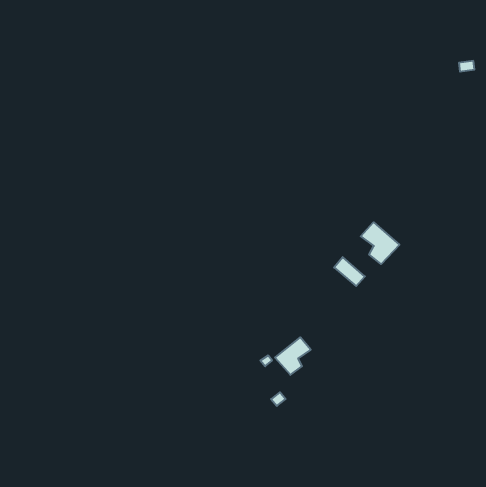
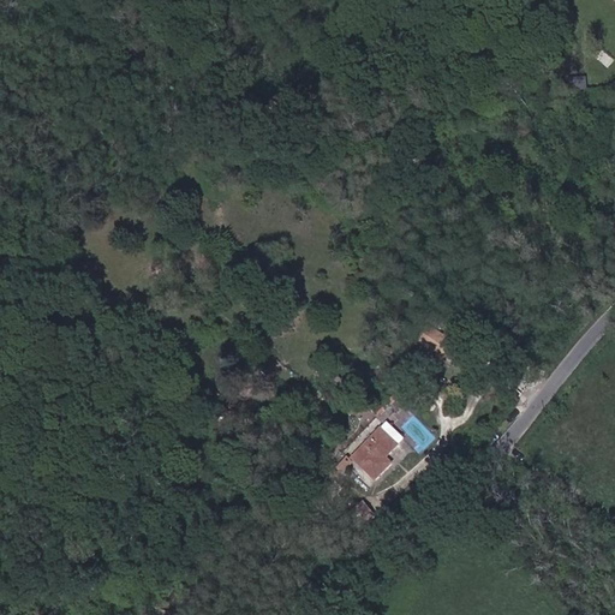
building: [361,222,399,264] -> none

